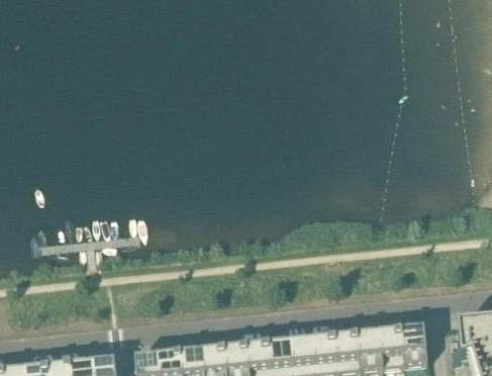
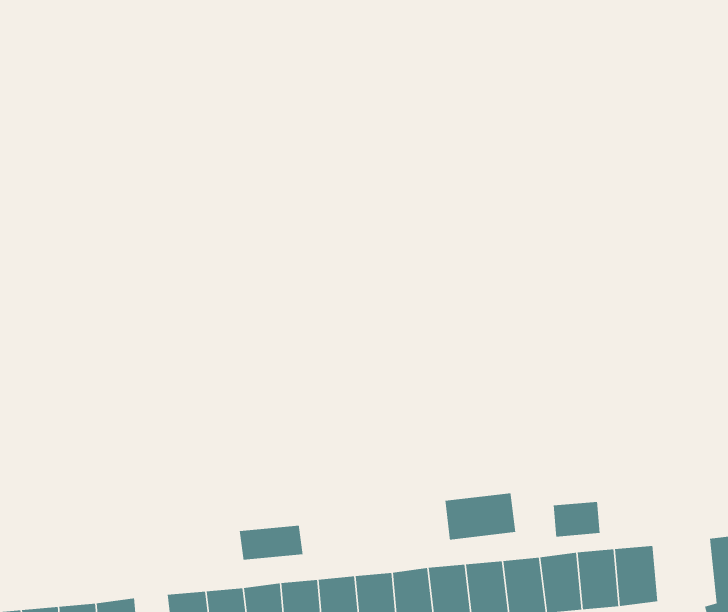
building: none -> [445,492,516,540]
building: none -> [553,501,600,537]
building: none -> [239,525,303,561]

